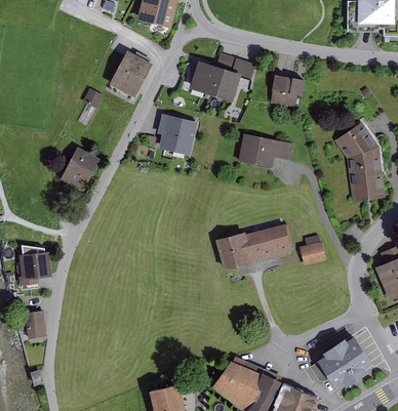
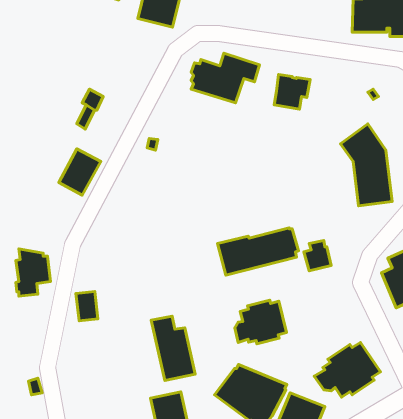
building: [110,50,153,97] -> none
building: [158,114,198,156] -> none
building: [239,134,293,168] -> none
building: none -> [235,300,286,344]
building: none -> [151,316,195,380]
building: [26,311,47,339] -> [76,292,98,321]

